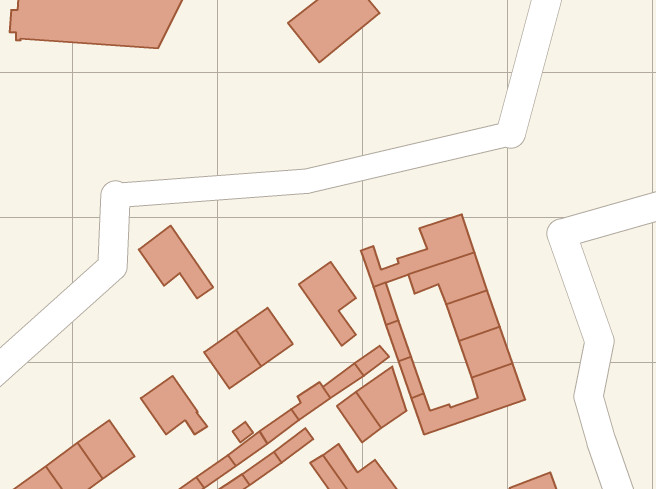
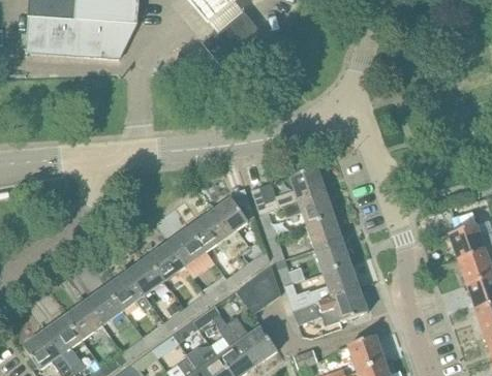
building: [139,226,213,298] -> [190,212,239,259]
building: none -> [128,256,165,295]
building: none -> [87,286,124,324]
building: none -> [293,287,368,335]

